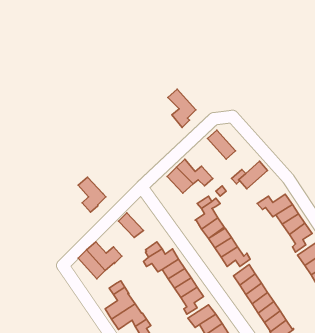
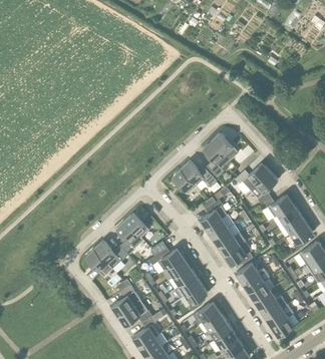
building: [168,89,196,127] -> [203,140,230,177]
building: none -> [250,171,278,204]
building: [78,177,106,212] -> [116,221,143,255]

